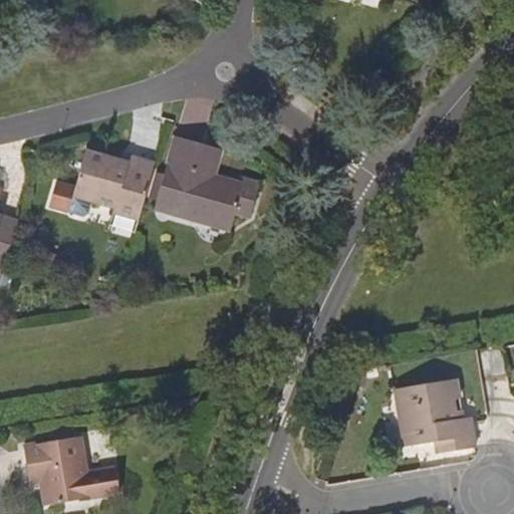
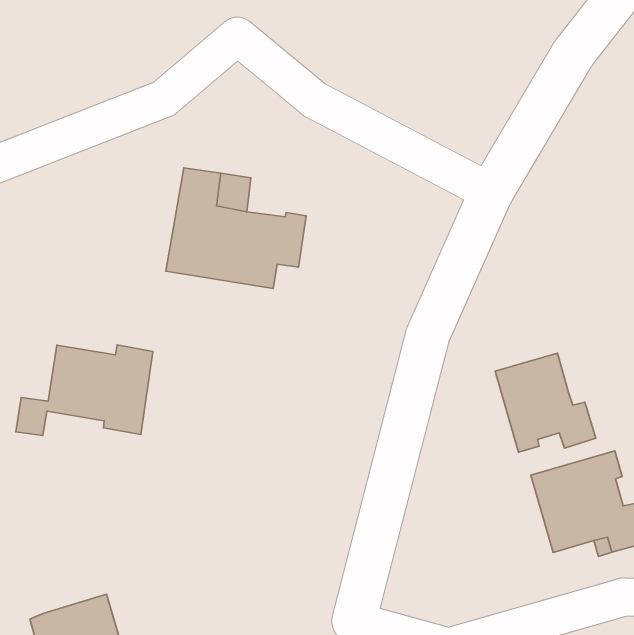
building: [48,150,154,221] -> [16,345,153,435]
building: none -> [495,353,596,452]

